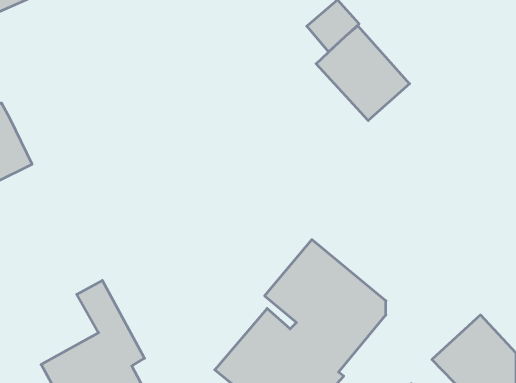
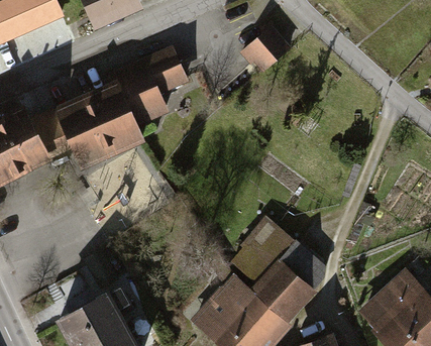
building: [316,26,410,121] -> none
building: none -> [27,48,184,167]

